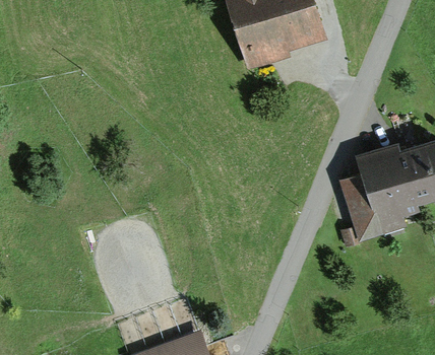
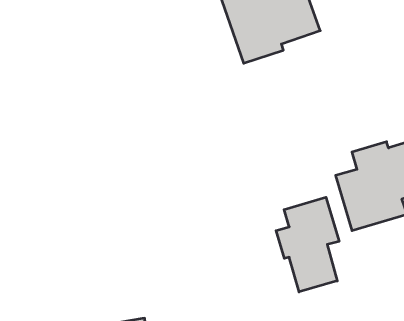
building: none -> [276,197,339,292]

